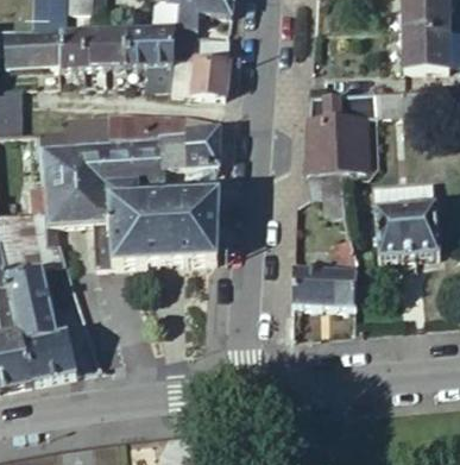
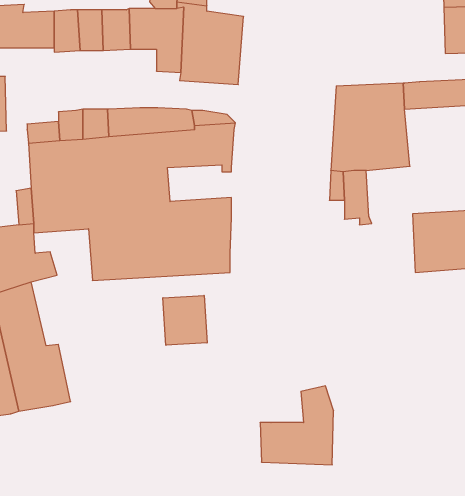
building: [290,237,354,306] -> [260,386,334,465]
building: none -> [163,295,207,345]

